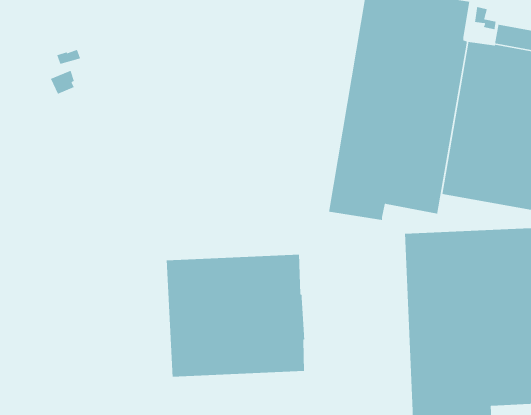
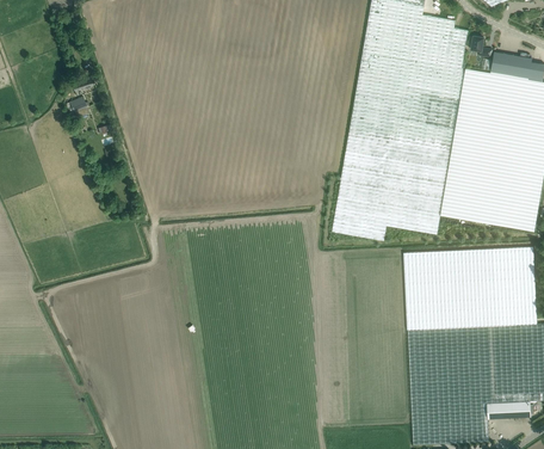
building: [166,254,305,378] -> none

